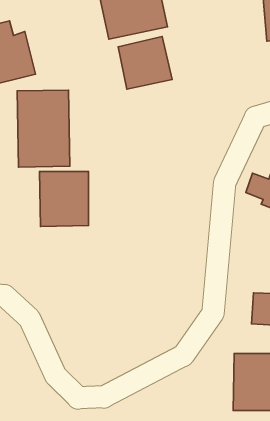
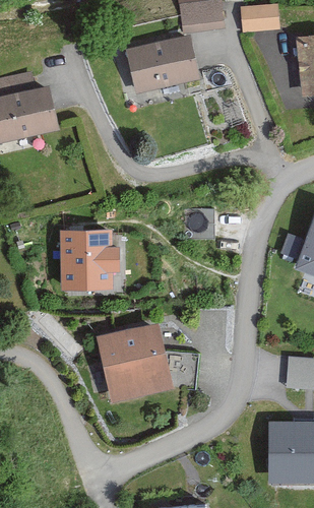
building: [118,37,172,89] -> none
building: [17,90,70,167] -> none
building: none -> [98,322,198,402]

